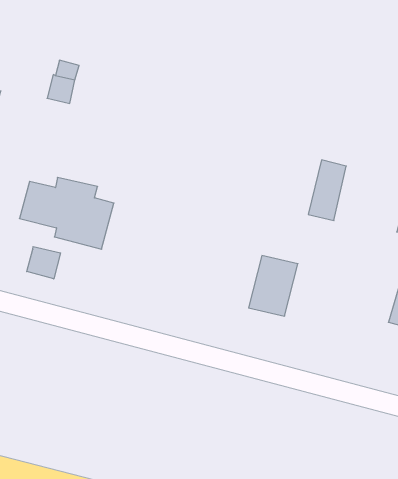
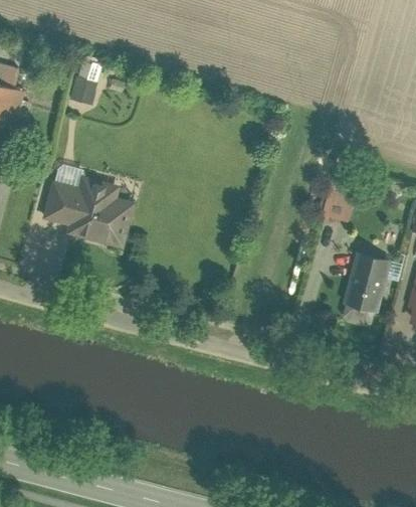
building: [27,247,61,279] -> none
building: [249,256,298,316] -> [343,254,391,313]

